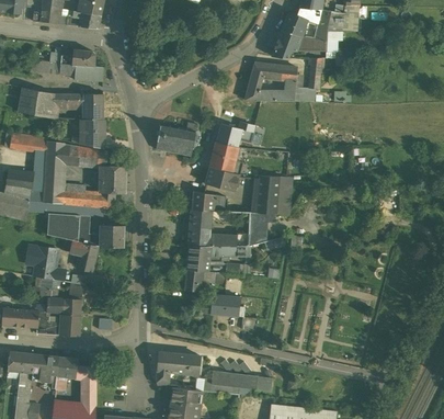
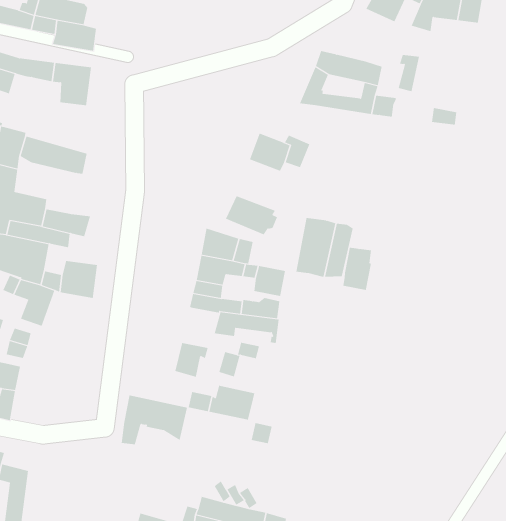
building: [273,31,327,52] -> none
building: [81,120,104,148] -> none
building: [156,122,202,156] -> none
building: [210,141,242,174] -> none
building: [102,166,126,193] -> none
building: [249,213,266,240] -> [343,247,372,291]
building: [186,246,209,271] -> none
building: [158,352,200,385] -> [121,395,188,445]

